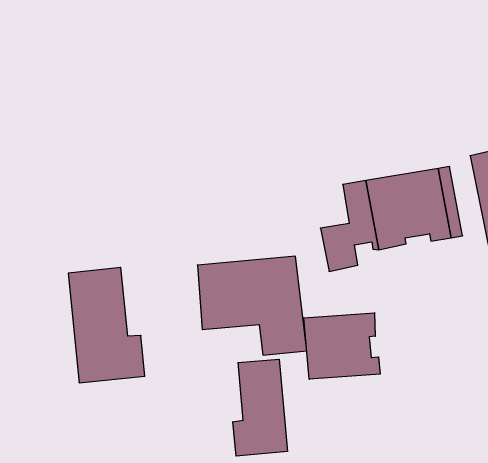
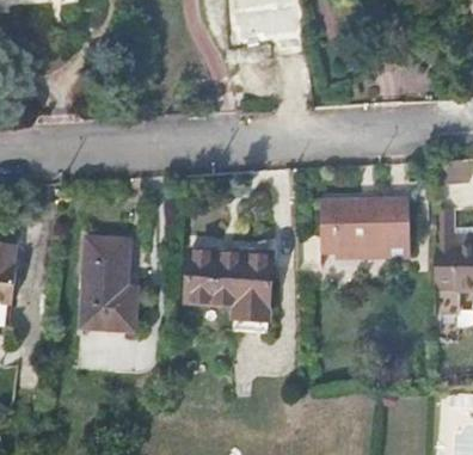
building: [304,313,380,379] -> none
building: [233,359,287,456] -> none

